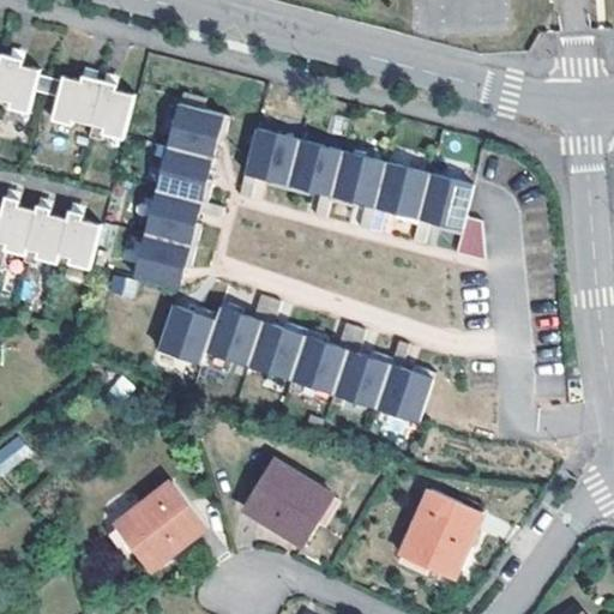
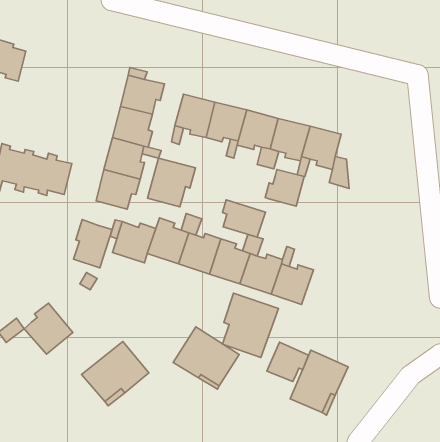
building: [50,78,133,142] -> none
building: none -> [148,158,195,207]
building: none -> [265,169,304,206]
building: none -> [222,200,265,237]
building: none -> [73,220,112,268]
building: none -> [223,293,278,358]
building: none -> [24,303,73,354]
building: none -> [267,342,309,382]

